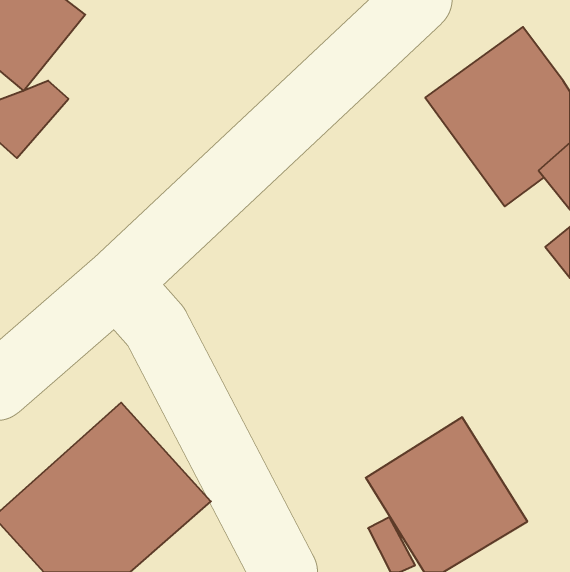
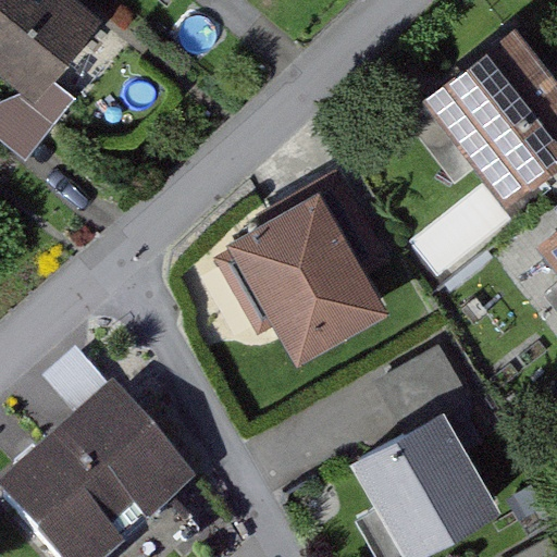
building: none -> [214,189,398,366]

